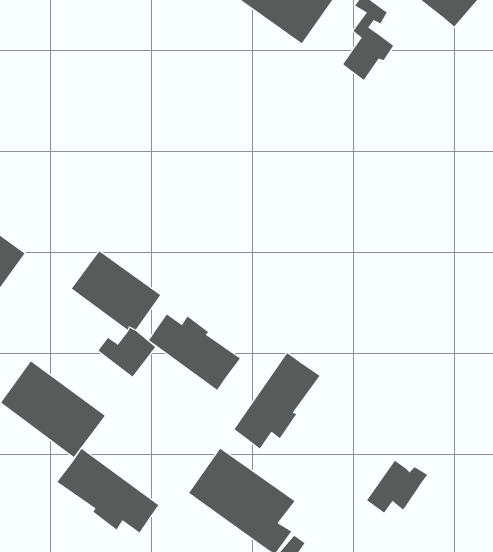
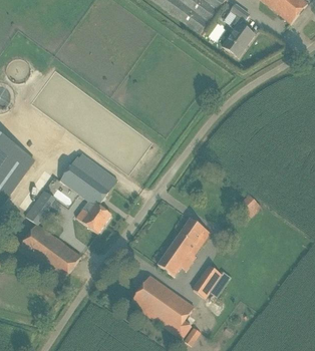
building: none -> [25,191,53,222]
building: [148,313,241,391] -> none
building: [57,448,159,533] -> none
building: [366,460,428,513] -> [193,265,230,297]

